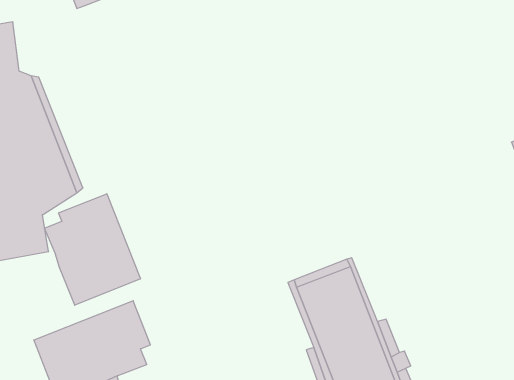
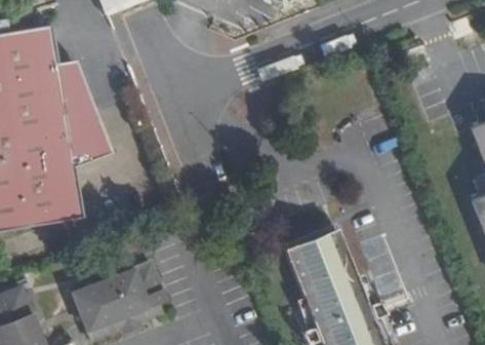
building: [45,194,140,305] -> none

